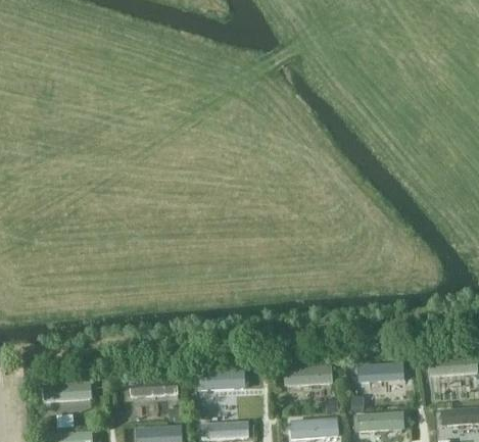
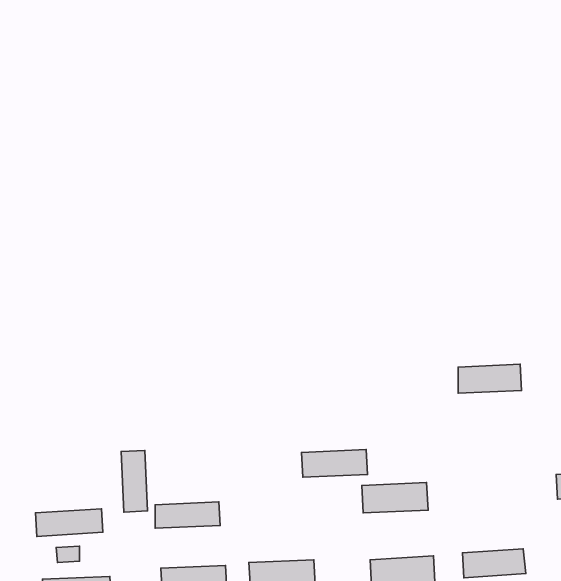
building: none -> [121,450,148,512]
building: [357,360,404,382] -> [458,364,521,393]
building: [195,370,244,390] -> [301,450,367,477]

